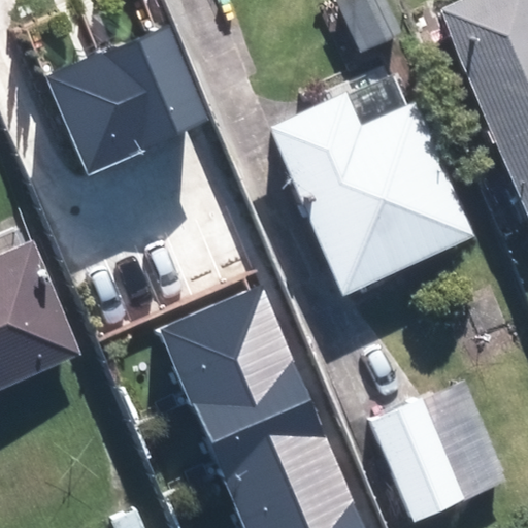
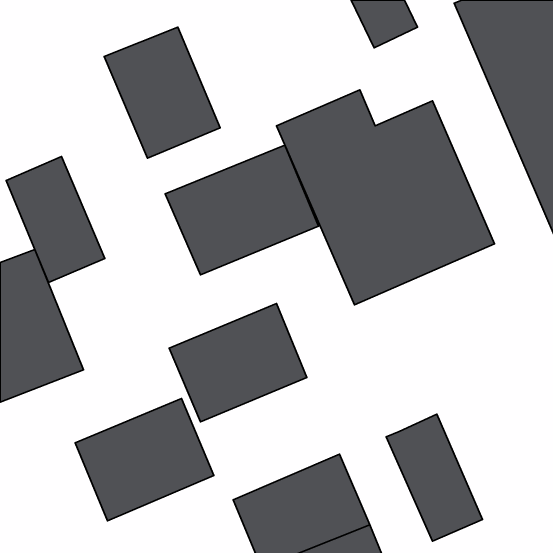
building: [47,55,141,174] -> [6,157,105,282]
building: none -> [165,145,319,275]
building: [192,360,324,476] -> [75,398,214,521]

